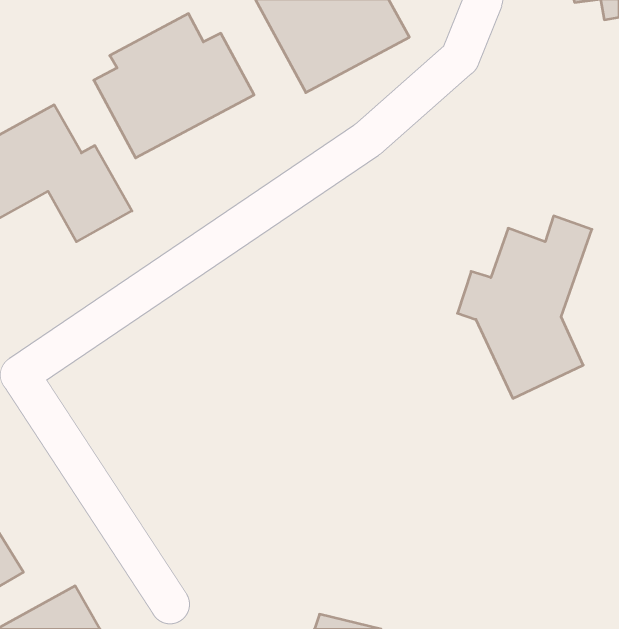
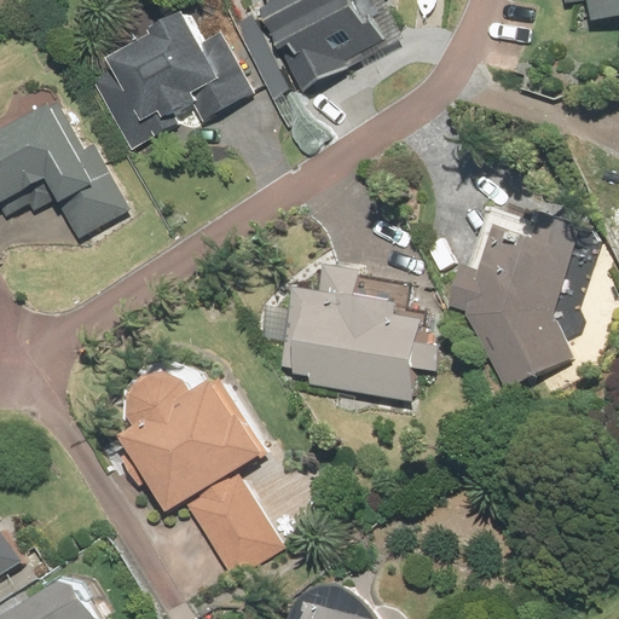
building: none -> [278,285,426,397]
building: none -> [121,361,283,578]

